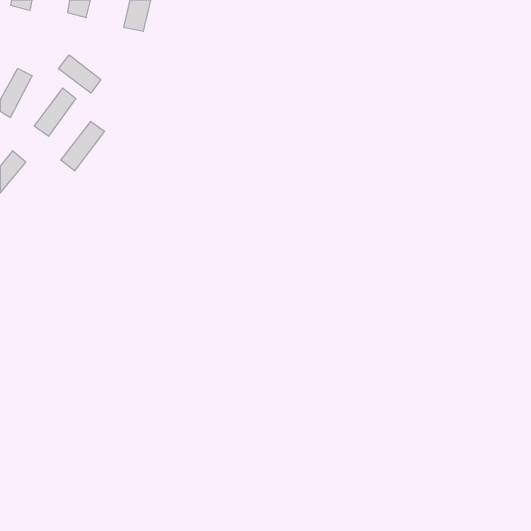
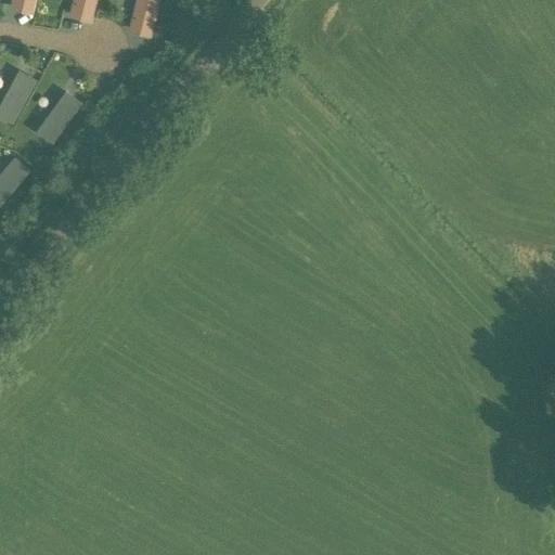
building: [58,55,101,93] -> none
building: [61,121,104,171] -> none

